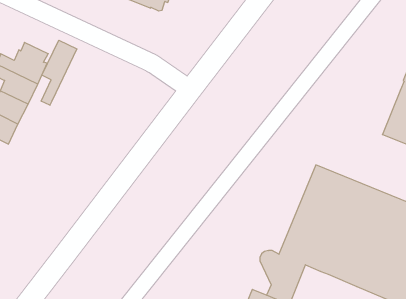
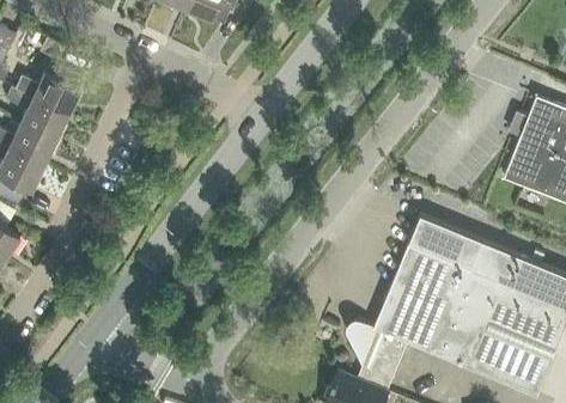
building: [41,40,77,105] -> none

